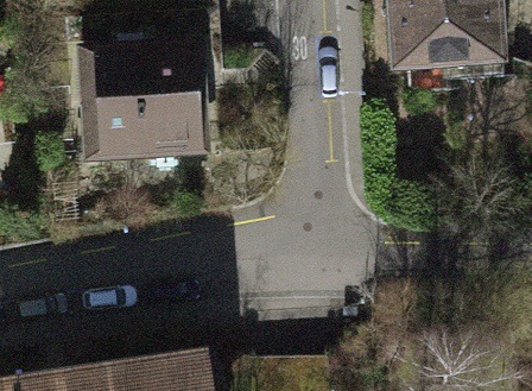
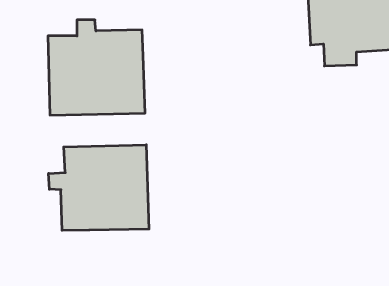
building: none -> [49,145,149,230]

